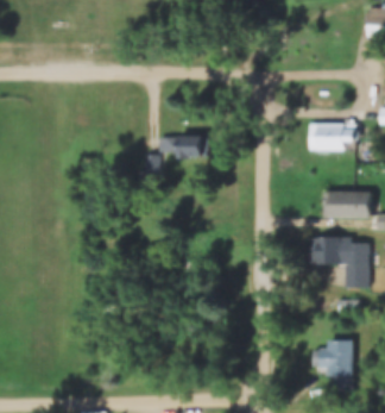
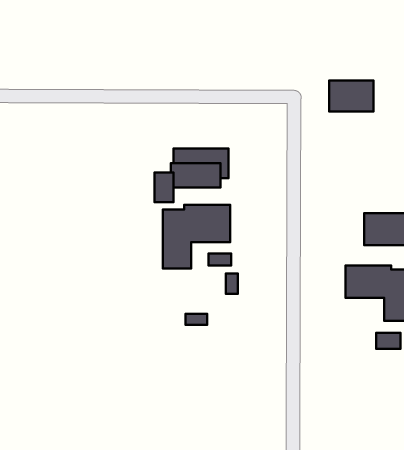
building: [314,121,353,149] -> [329,81,374,112]
building: none -> [163,205,230,268]
building: [316,339,351,388] -> none

